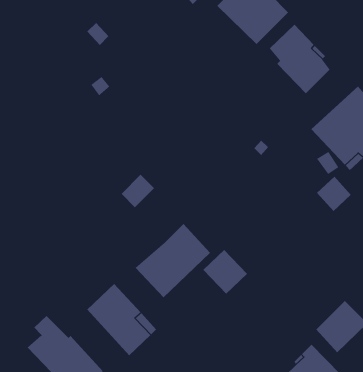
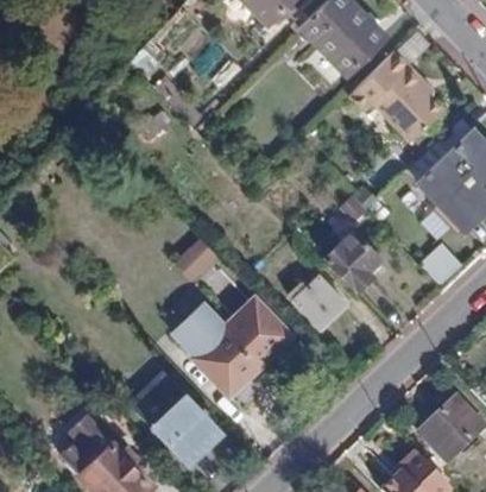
building: none -> [323,229,381,292]
building: none -> [173,299,231,355]
building: [202,249,248,295] -> [291,273,348,330]

